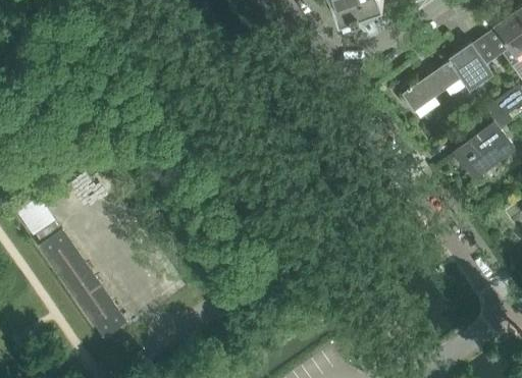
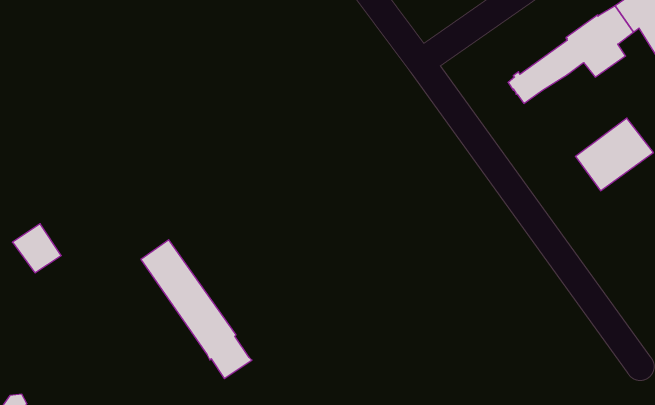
building: [39,230,124,337] -> [141,240,252,379]

